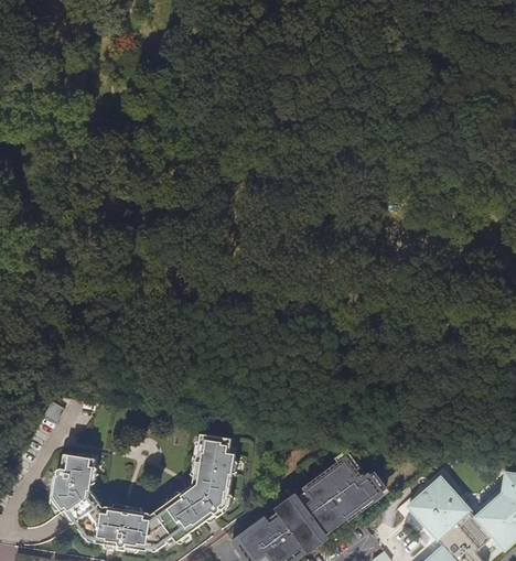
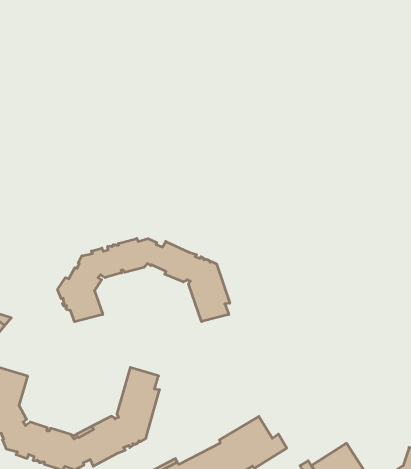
building: none -> [58,238,230,322]

